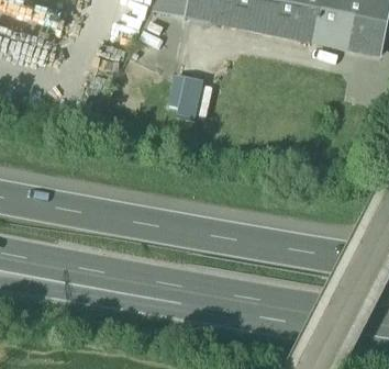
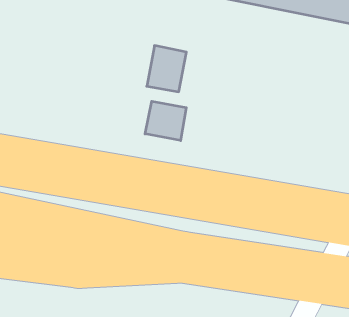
building: none -> [145,101,186,141]

